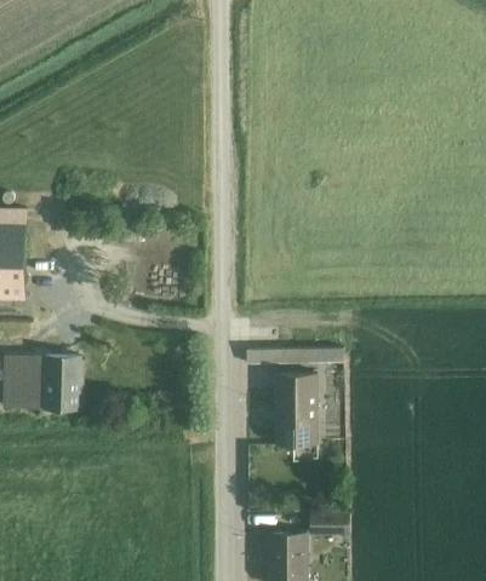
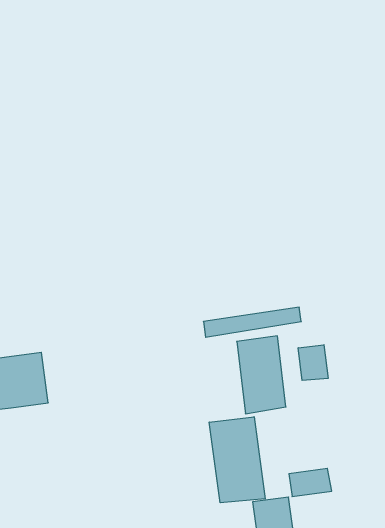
building: none -> [298,345,328,380]
building: none -> [209,417,265,503]

